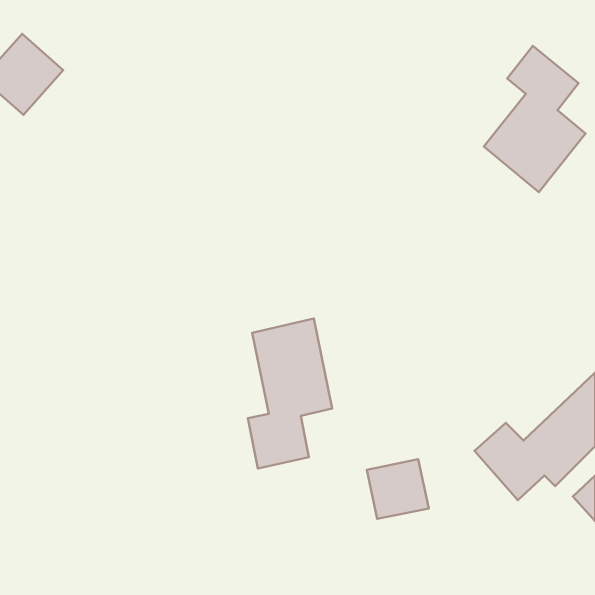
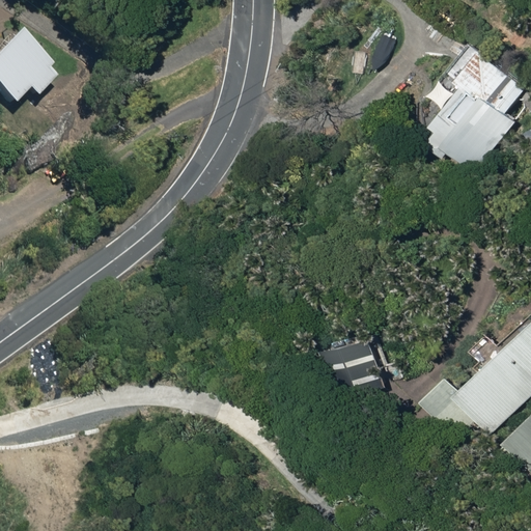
building: [248,319,332,468] -> none
building: [367,459,429,519] -> [322,339,376,392]

